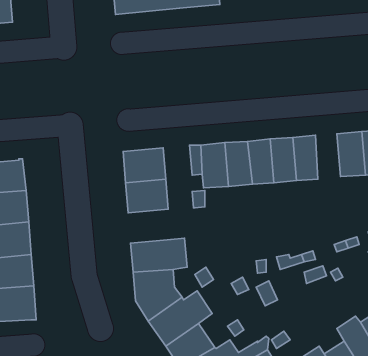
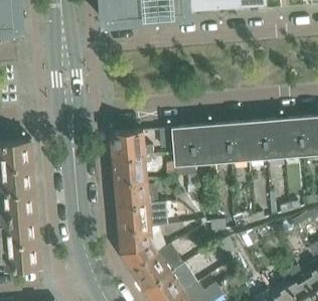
building: none -> [264,120,284,156]
building: none -> [114,180,148,207]

